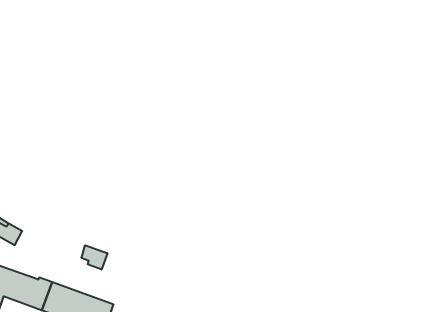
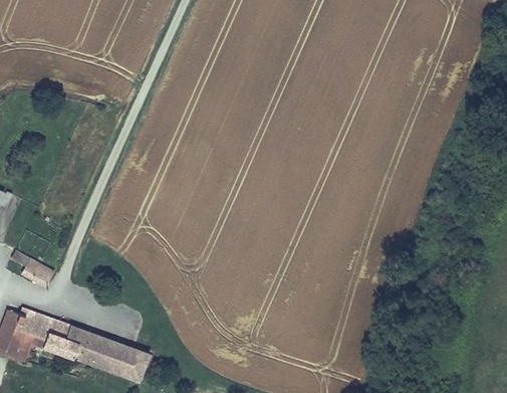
building: [82,245,107,270] -> none

